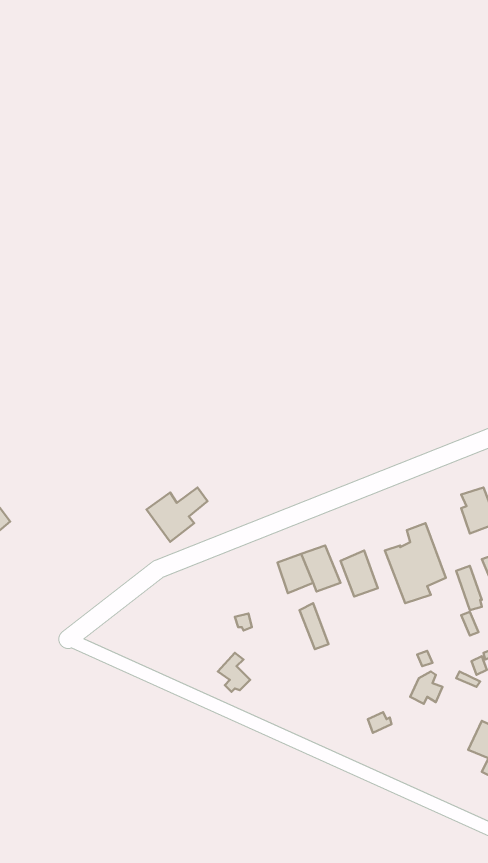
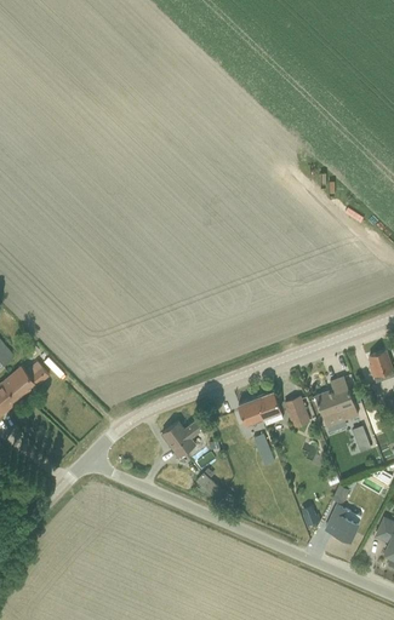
building: [146,488,208,542] -> [161,418,205,457]
building: none -> [325,506,360,540]

